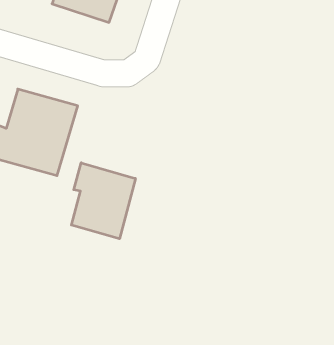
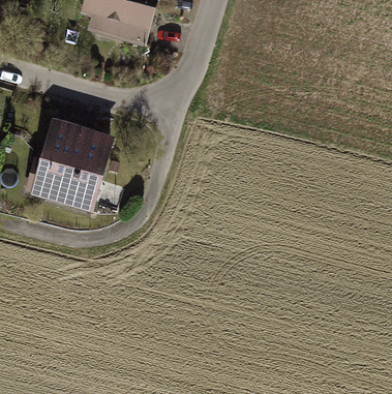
building: [71,163,135,239] -> none

